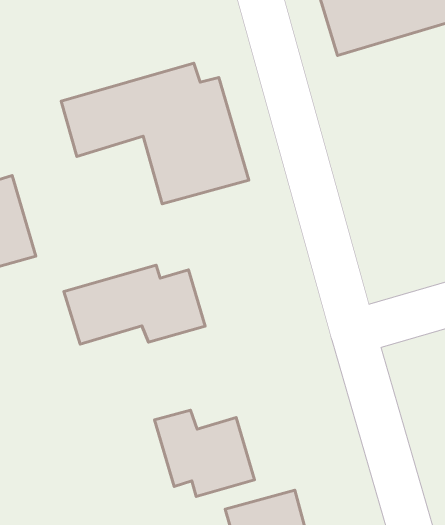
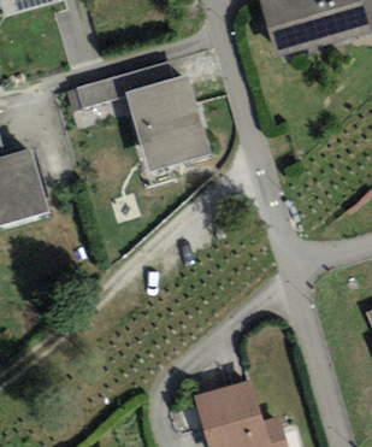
building: [64,265,205,344] -> none
building: [155,410,255,497] -> none

